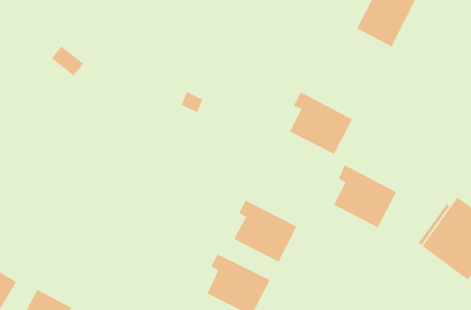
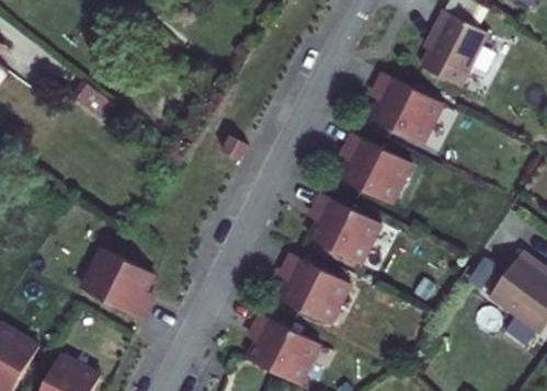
building: none -> [369,77,442,146]
building: [333,164,397,229] -> [309,194,380,265]
building: none -> [83,246,155,317]

